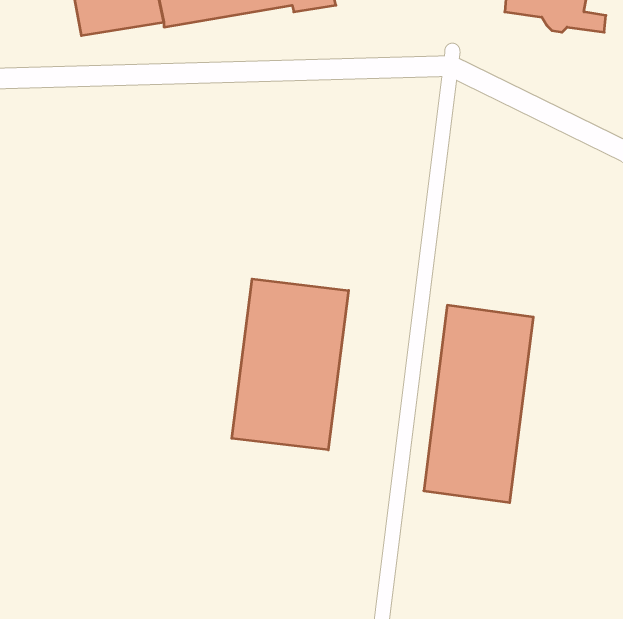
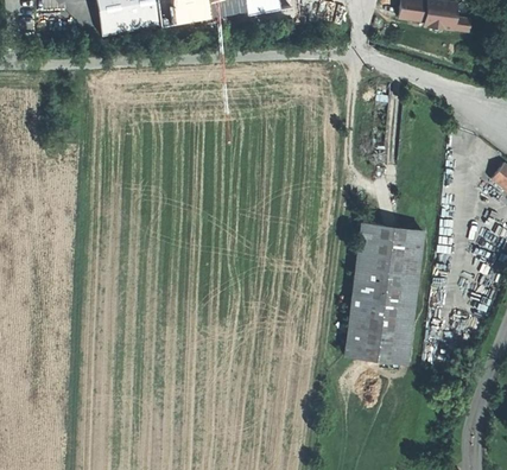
building: [232,279,349,450] -> none

